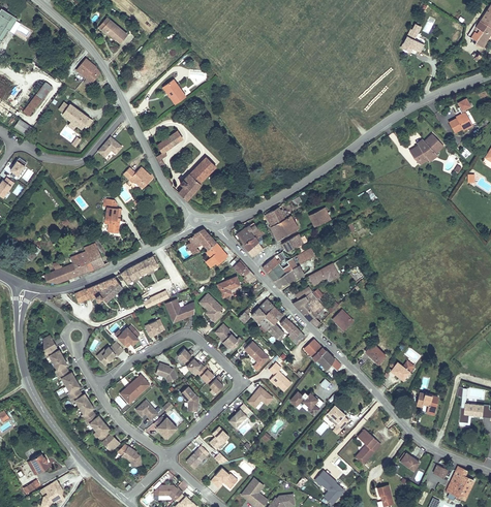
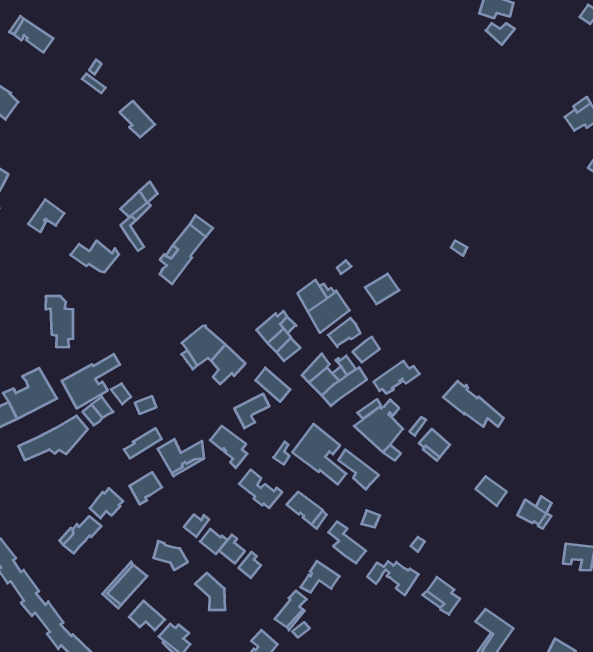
building: [405,129,438,157] -> none
building: none -> [62,354,120,408]
building: [304,339,341,371] -> [443,381,504,427]

